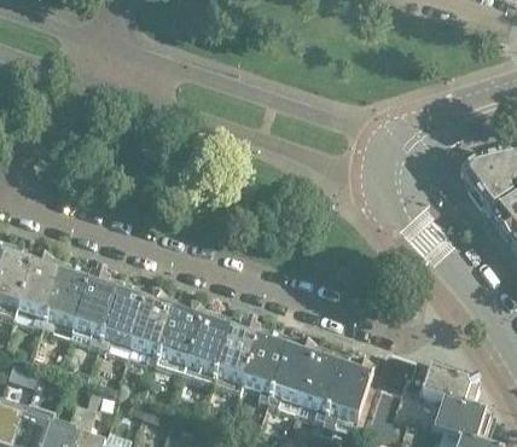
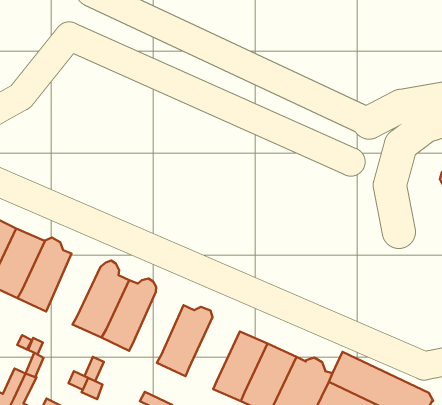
building: [94,289,146,362] -> none
building: [182,317,230,384] -> none
building: [242,335,286,404] -> none

